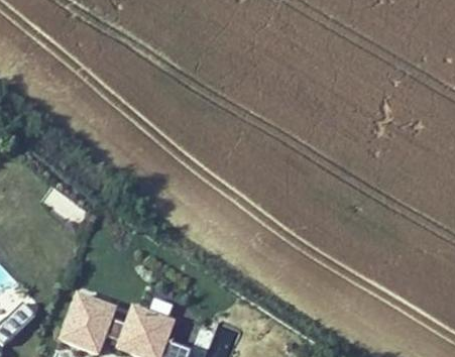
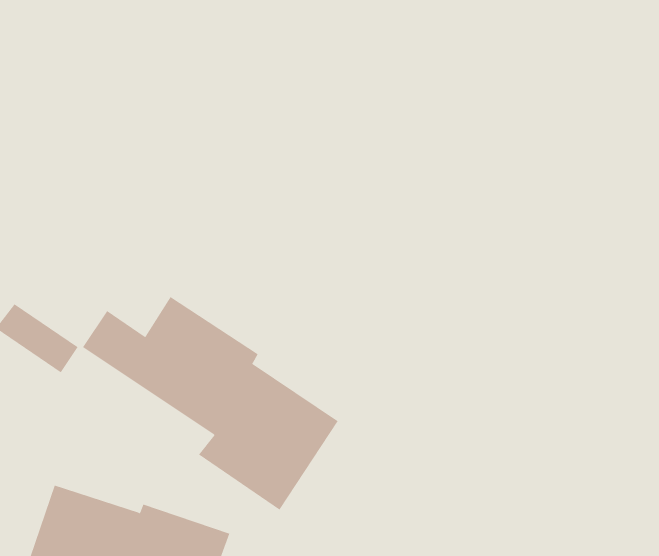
building: none -> [82,296,339,511]

